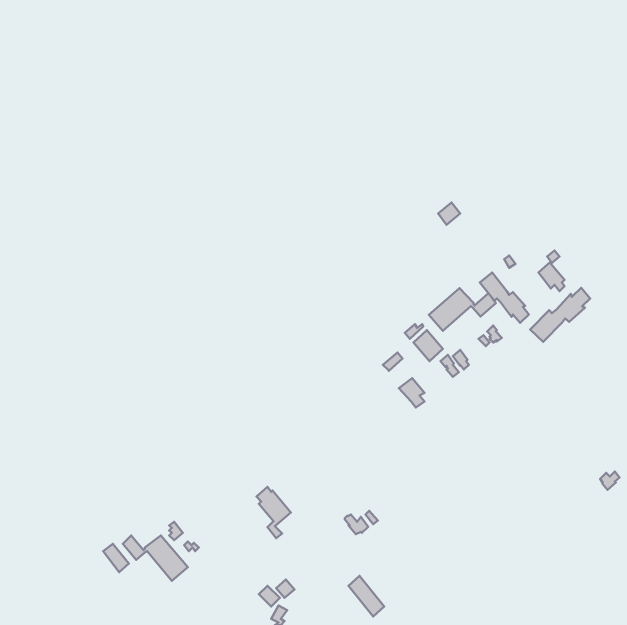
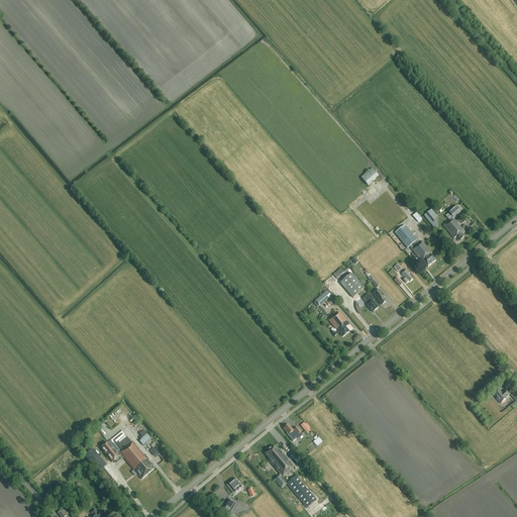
building: [530,288,590,342] -> none
building: [429,288,496,331] -> none
building: [256,487,291,538] -> [266,444,294,487]

